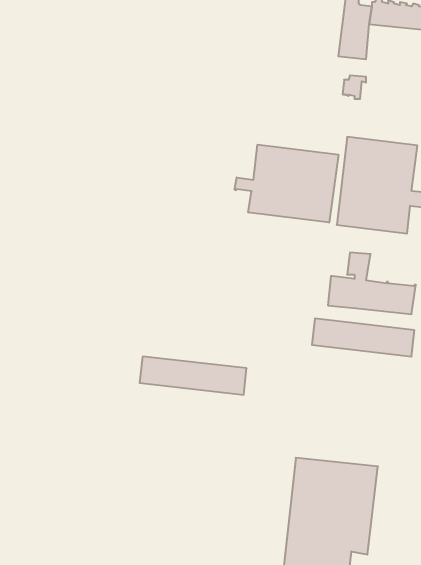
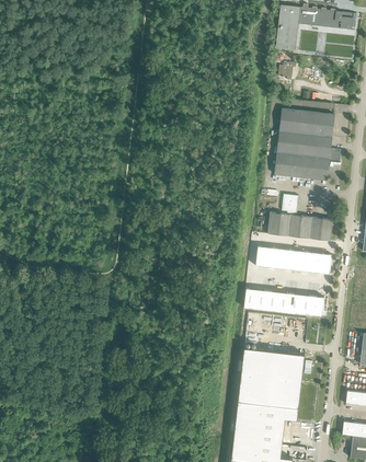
building: [235,145,338,223] -> none
building: [140,357,247,395] -> [243,289,323,317]

